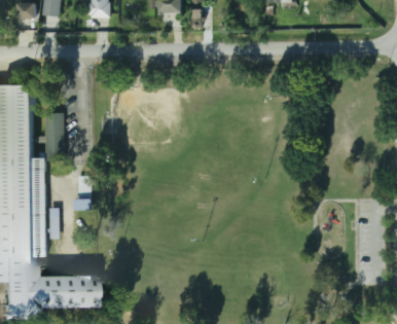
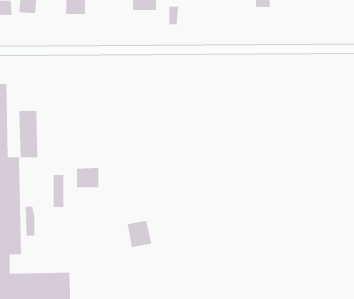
building: none -> [77,167,99,188]
building: none -> [127,220,152,248]

